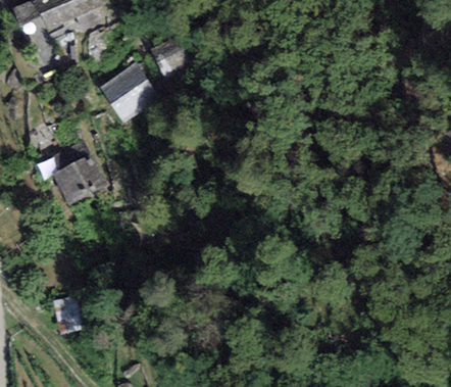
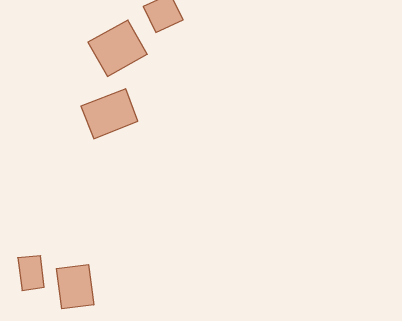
building: [52,155,107,205] -> [81,89,138,139]
building: none -> [56,265,94,309]

